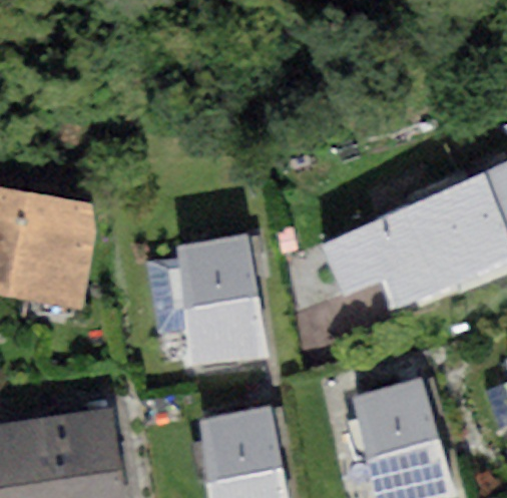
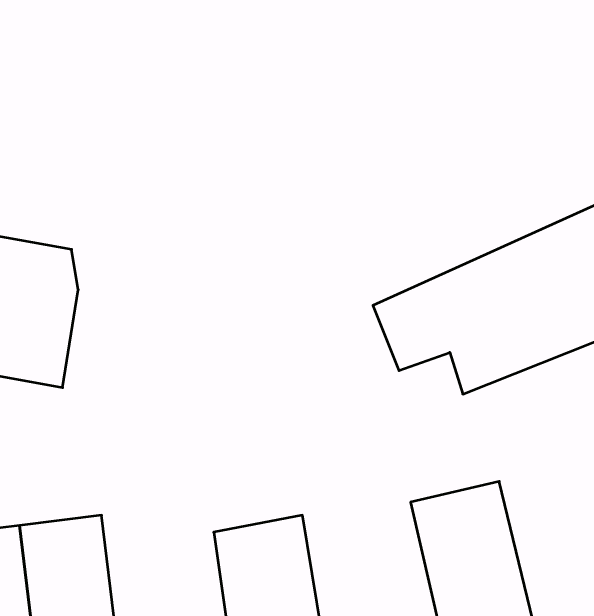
building: [145,234,269,366] -> none

